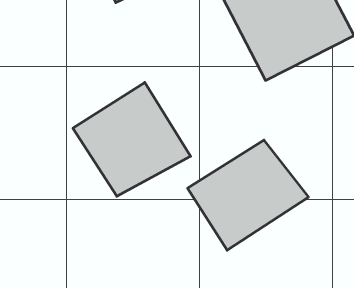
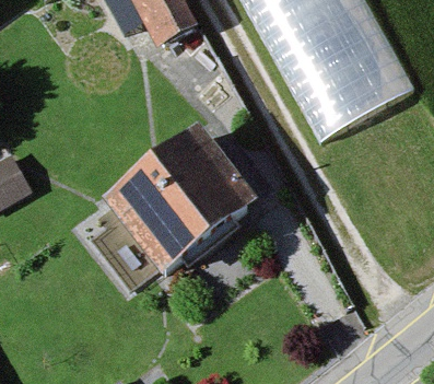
building: [188,140,308,250] -> none

